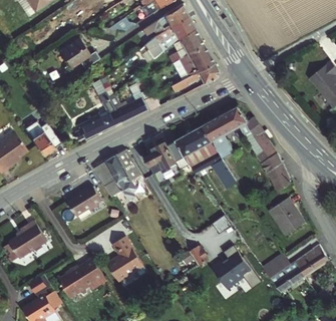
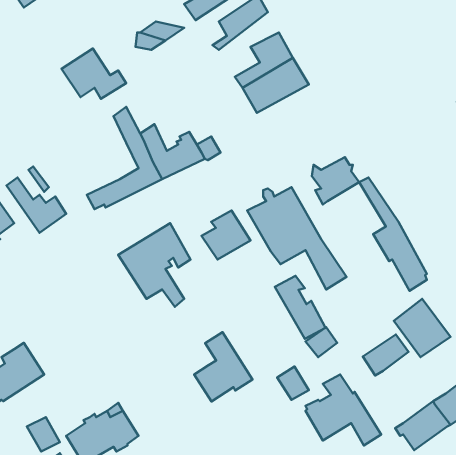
building: [147,15,194,57] -> none
building: [175,61,217,94] -> none
building: [202,119,234,159] -> [275,276,325,339]
building: [65,188,100,219] -> none
building: [105,241,142,285] -> [194,332,252,401]
building: [260,254,289,280] -> [363,335,408,376]

